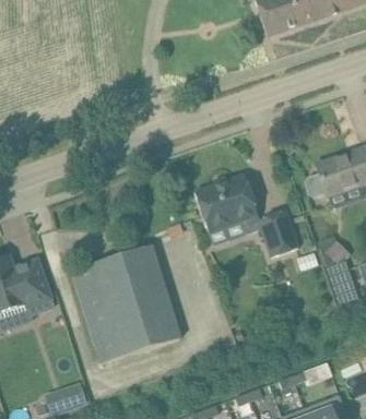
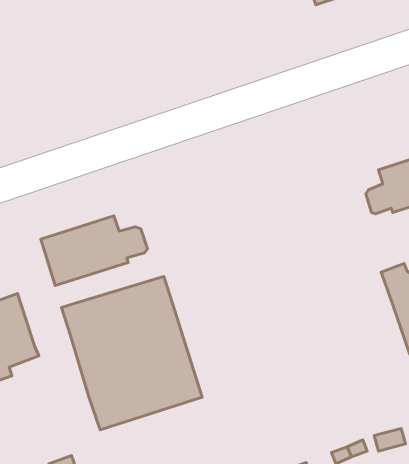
building: [194,173,299,256] -> none
building: none -> [41,216,148,286]

